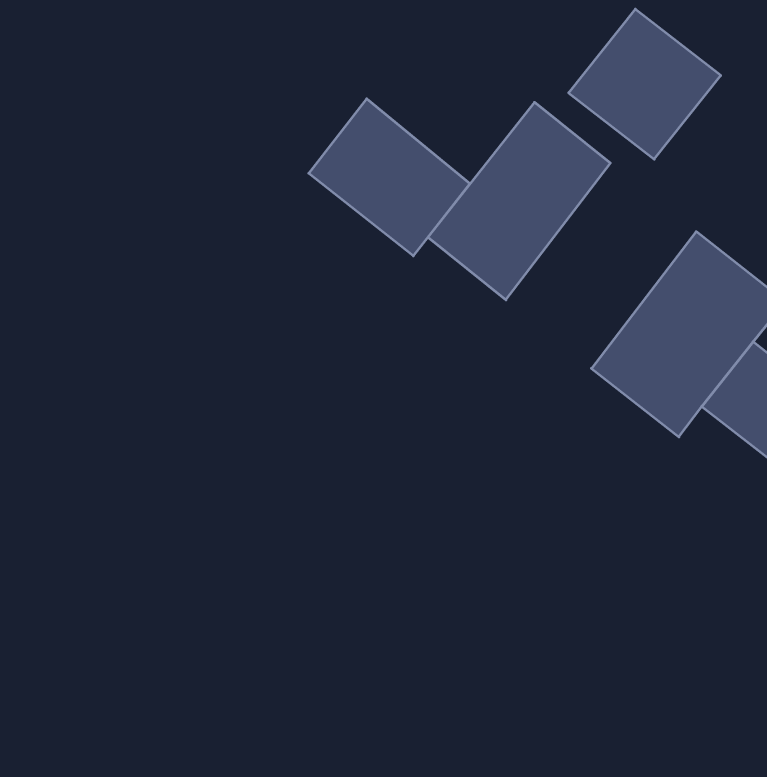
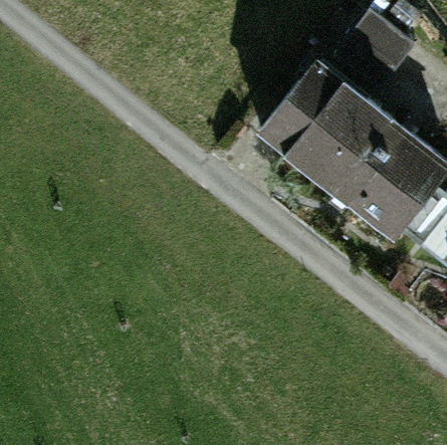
building: [309,99,470,256] -> none
building: none -> [301,94,402,203]

